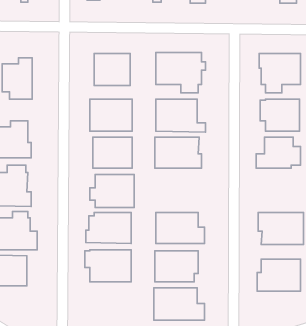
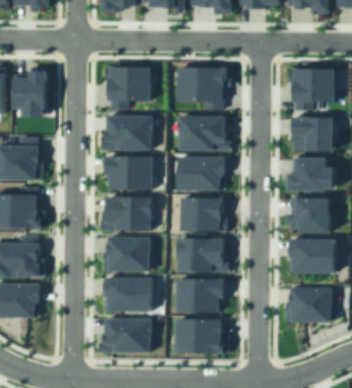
building: none -> [285,198,326,233]
building: none -> [179,199,227,232]
building: none -> [98,320,149,352]

